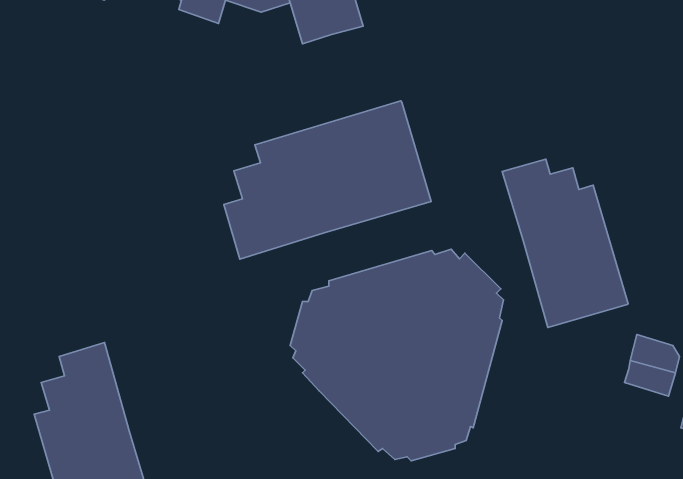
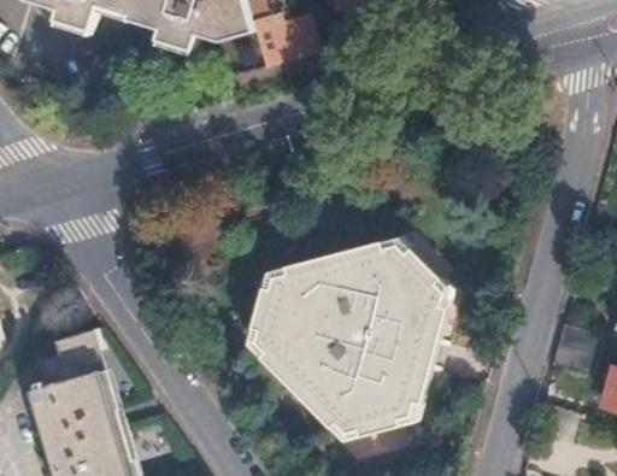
building: [224,101,431,259] -> none
building: [502,159,628,327] -> none

